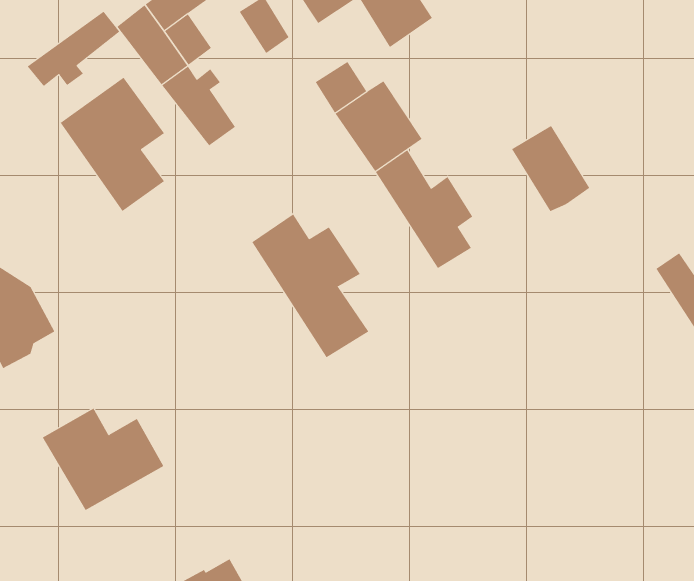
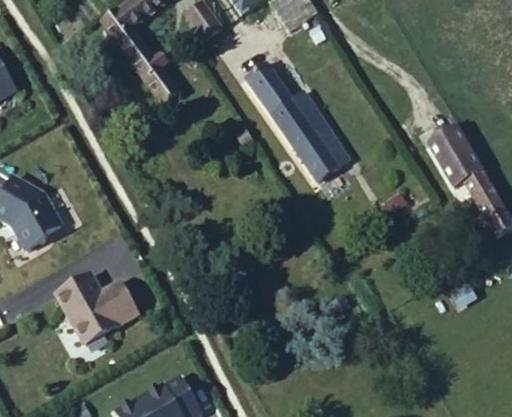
building: [27,11,120,87] -> none
building: [60,77,165,212] -> none
building: [511,125,590,212] -> [427,130,480,188]
building: [251,213,369,358] -> none

